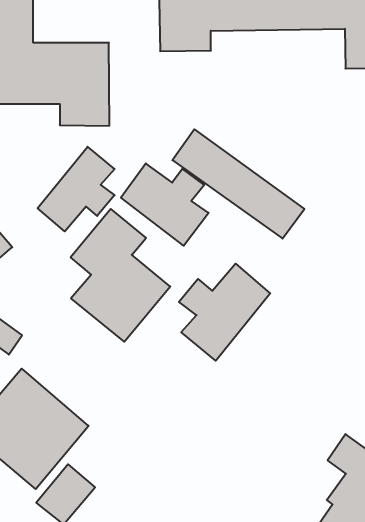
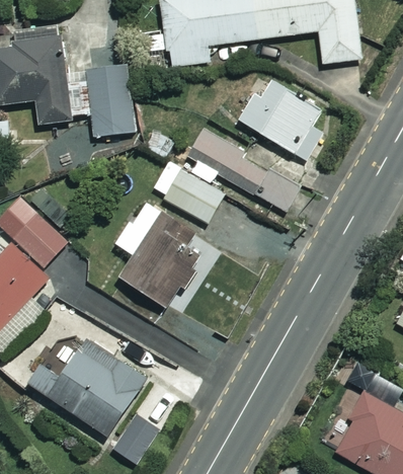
building: none -> [240,79,332,161]
building: [38,147,115,231] -> none
building: [179,264,270,361] -> none

